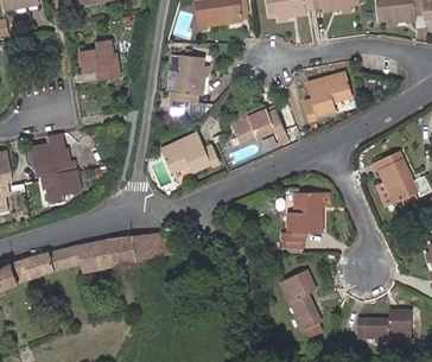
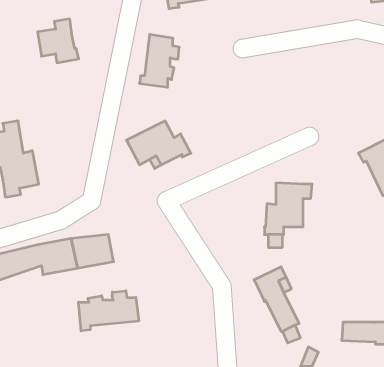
building: [304,71,352,120] -> none
building: [233,107,285,145] -> none
building: none -> [79,291,139,331]

